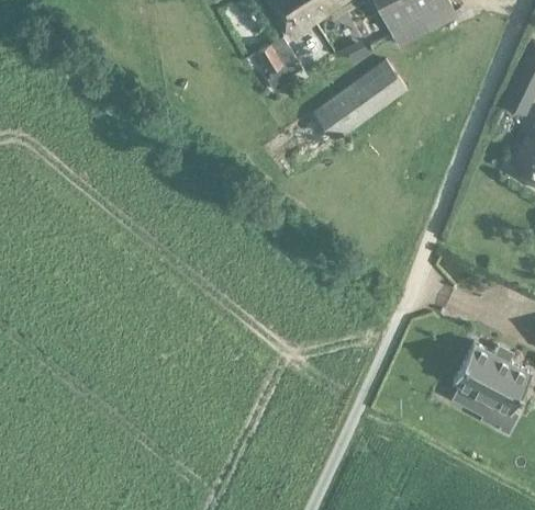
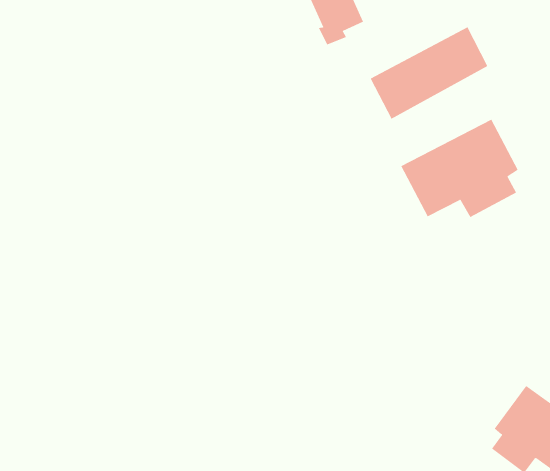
building: none -> [400,119,519,218]

